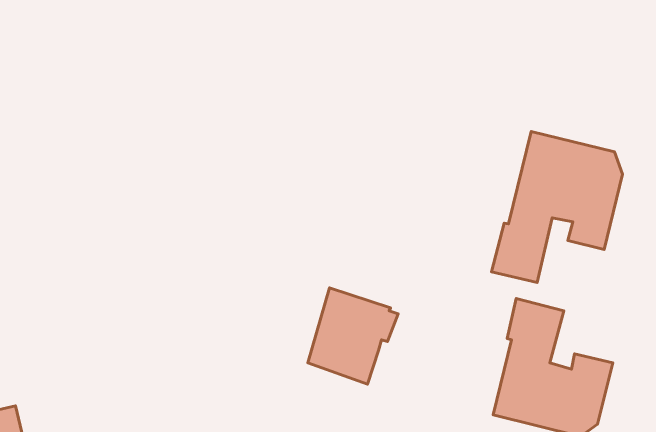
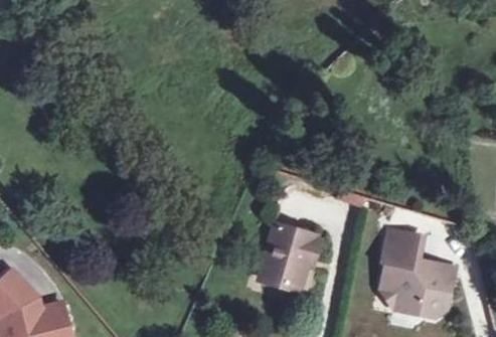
building: [491,131,622,282] -> none

